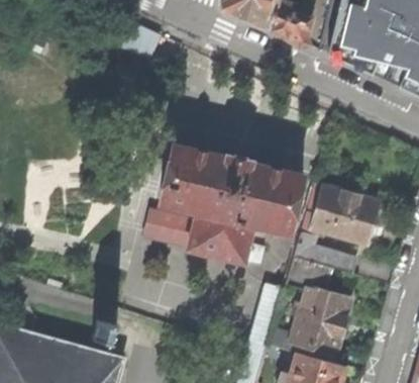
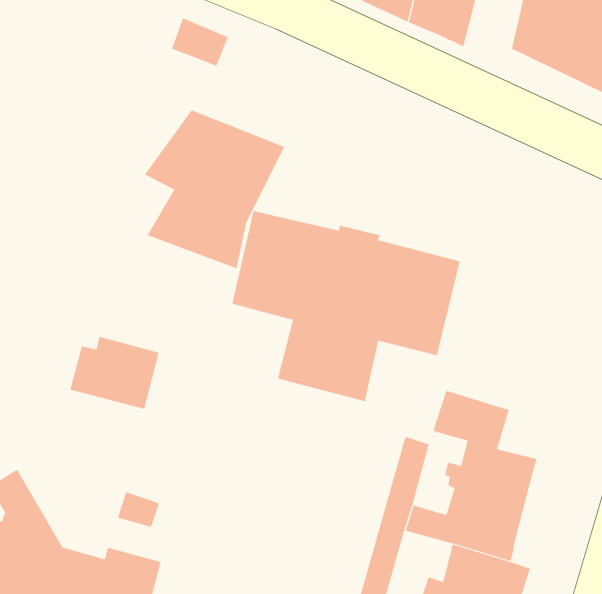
building: none -> [144,109,285,269]
building: [294,184,378,274] -> none
building: [143,203,199,249] -> [70,336,159,410]

